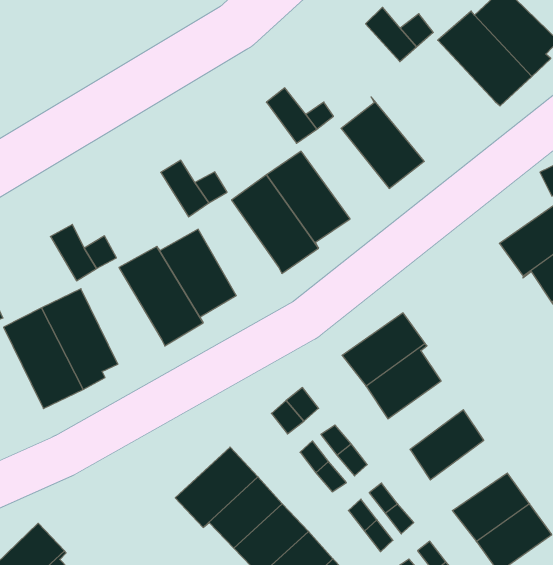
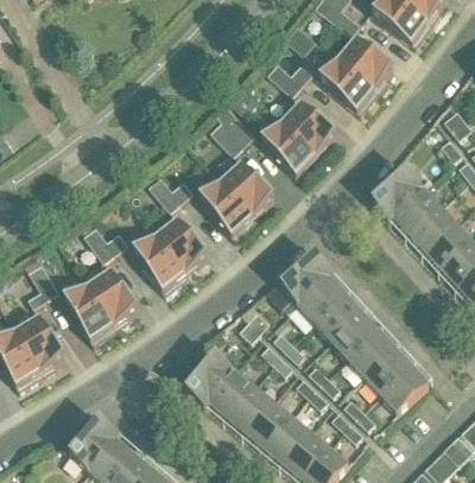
building: none -> [278,98,336,155]
building: none -> [315,294,362,341]
building: none -> [347,329,395,376]

